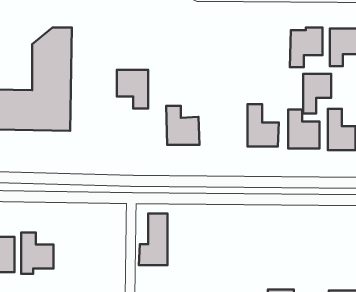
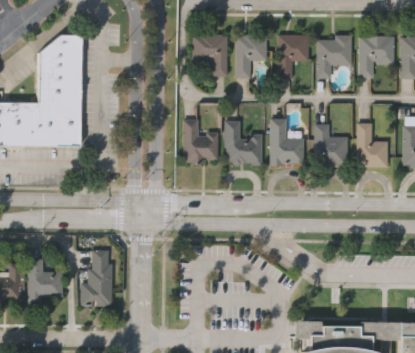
building: none -> [236,34,267,78]
building: [117,70,148,109] -> [194,34,228,76]
building: [303,74,331,113] -> [279,35,309,78]
building: none -> [225,121,263,165]
building: [139,214,167,265] -> [79,248,110,304]

